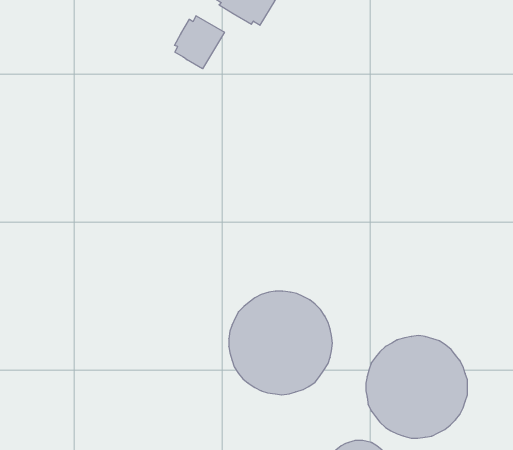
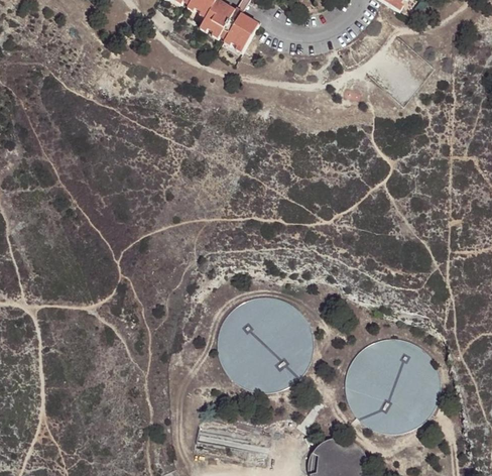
building: [175,16,224,69] -> none

